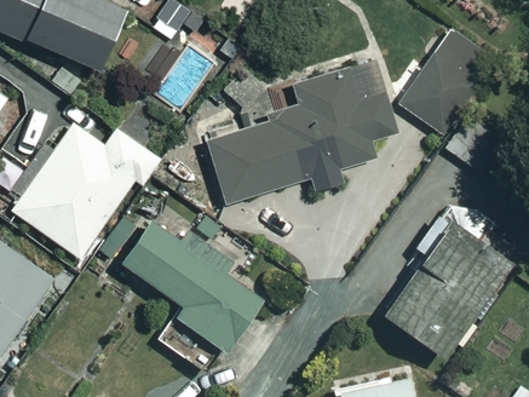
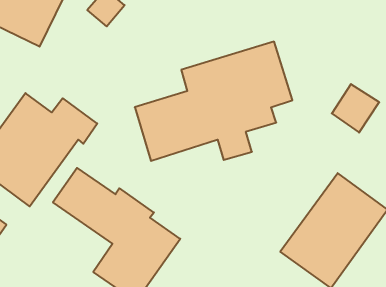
building: [403,29,498,134] -> none

